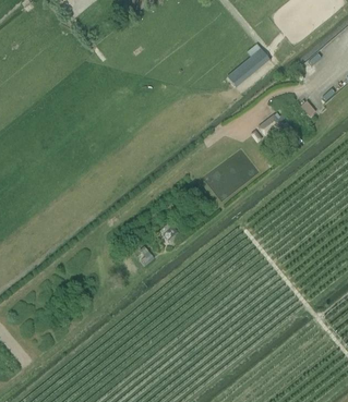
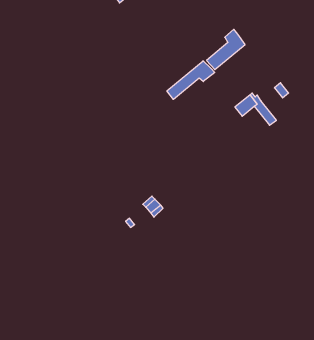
building: none -> [167,61,215,99]

